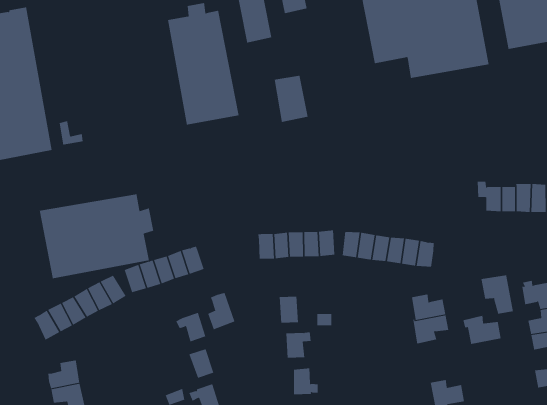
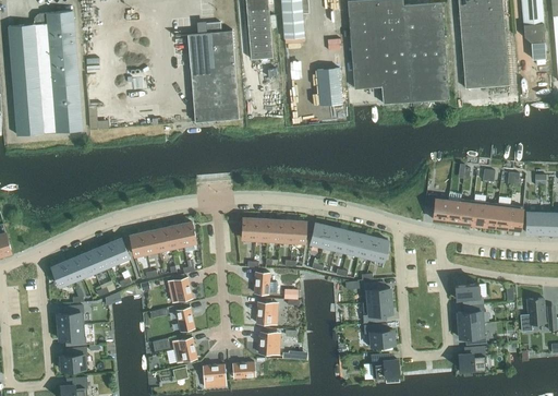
building: [274,75,308,122] -> [317,69,342,106]
building: [39,193,154,279] -> none
building: [481,274,513,315] -> none
building: [207,292,235,330] -> none
building: [462,315,501,344] -> [364,324,395,347]

